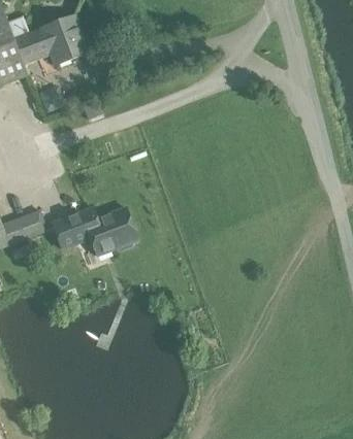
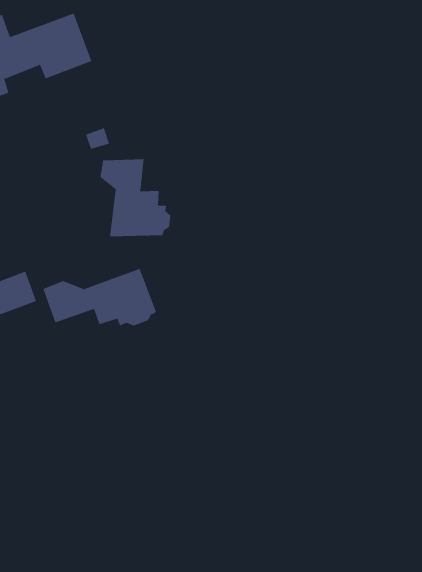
building: none -> [100,159,171,237]

